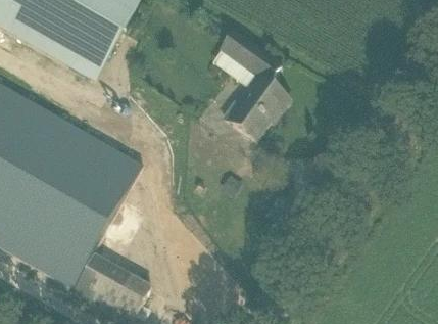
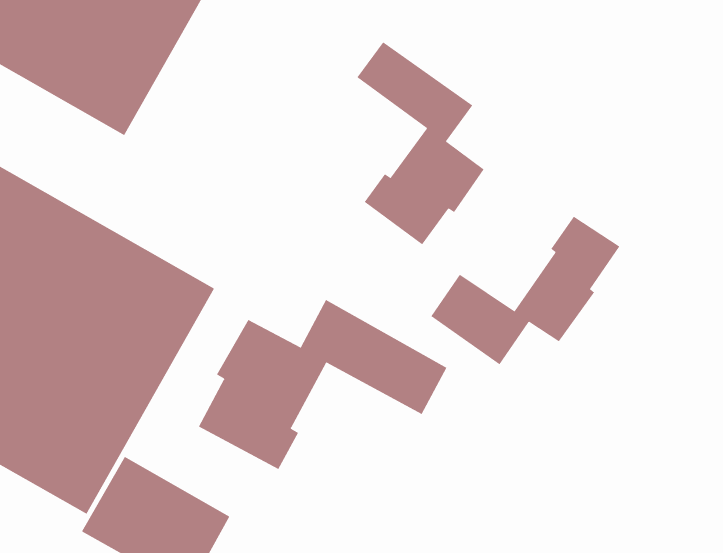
building: none -> [431,216,620,365]
building: none -> [198,299,447,470]

